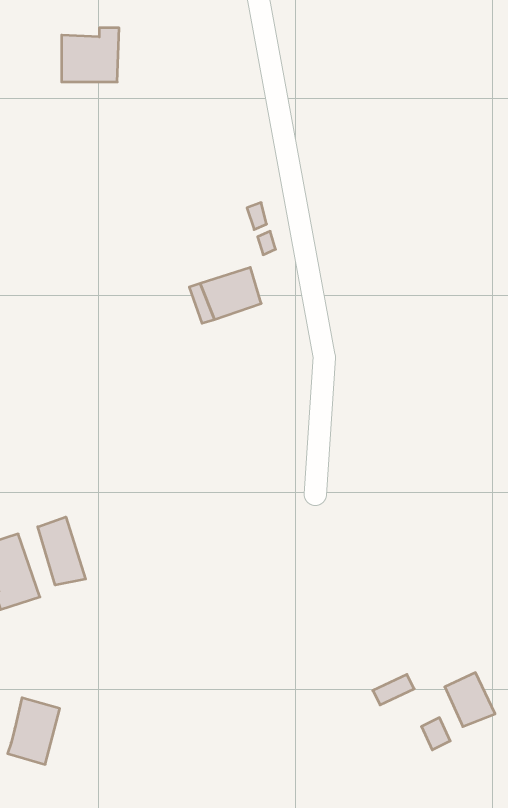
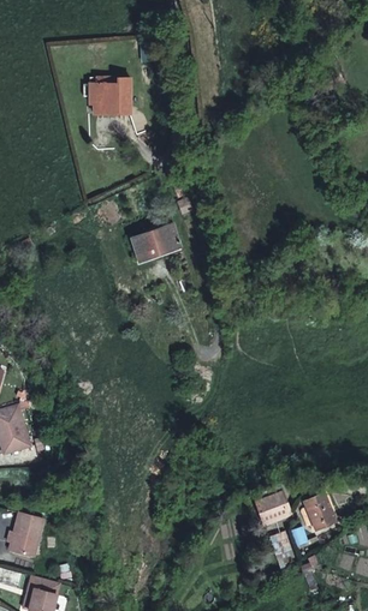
building: [62,28,119,82] -> [91,79,130,115]
building: [38,517,86,585] -> none

